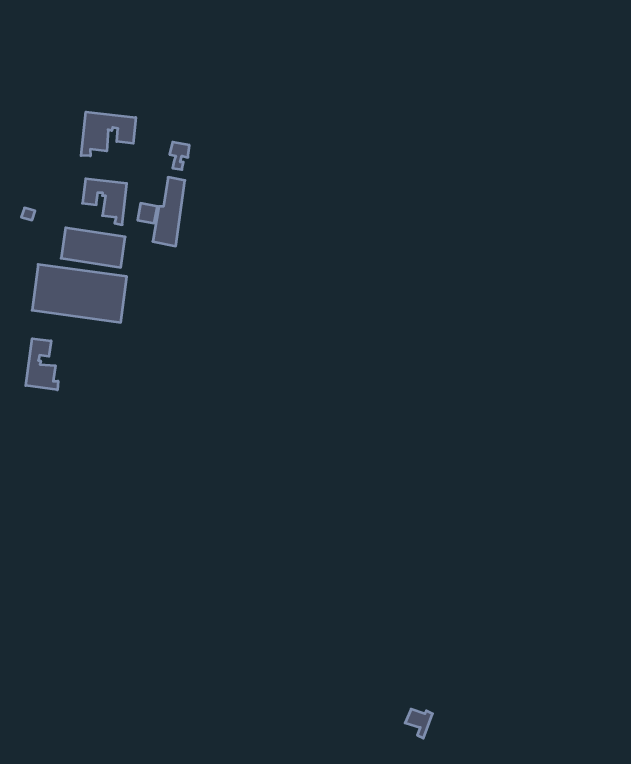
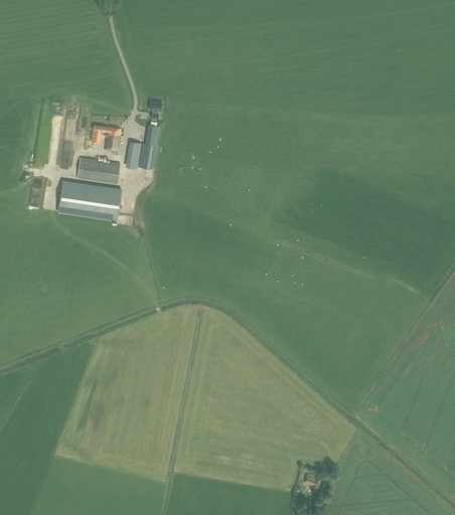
building: [81,112,136,156] -> none
building: [26,339,58,390] -> none

